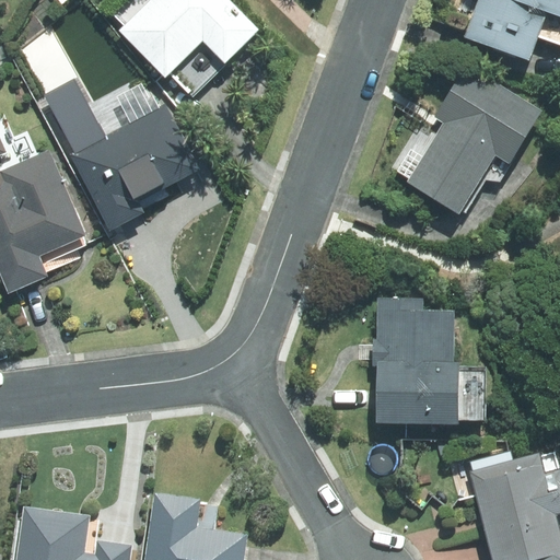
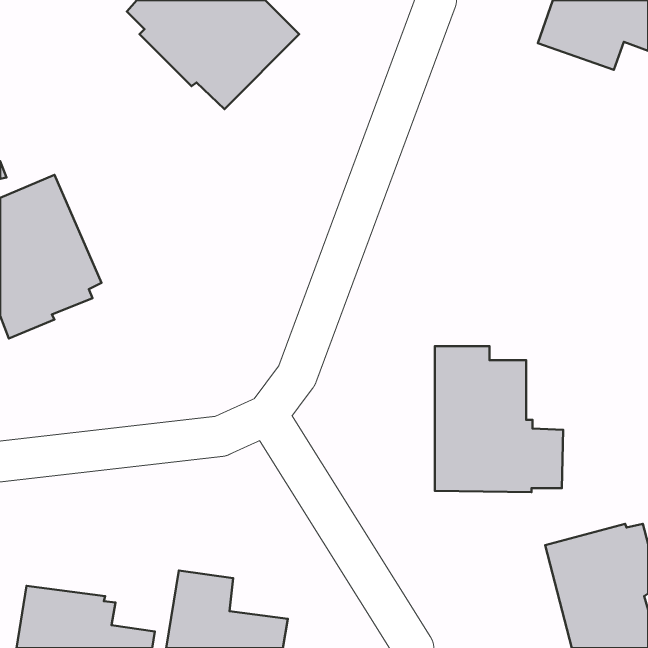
building: [406,63,542,213] -> none
building: [42,73,197,231] -> none

